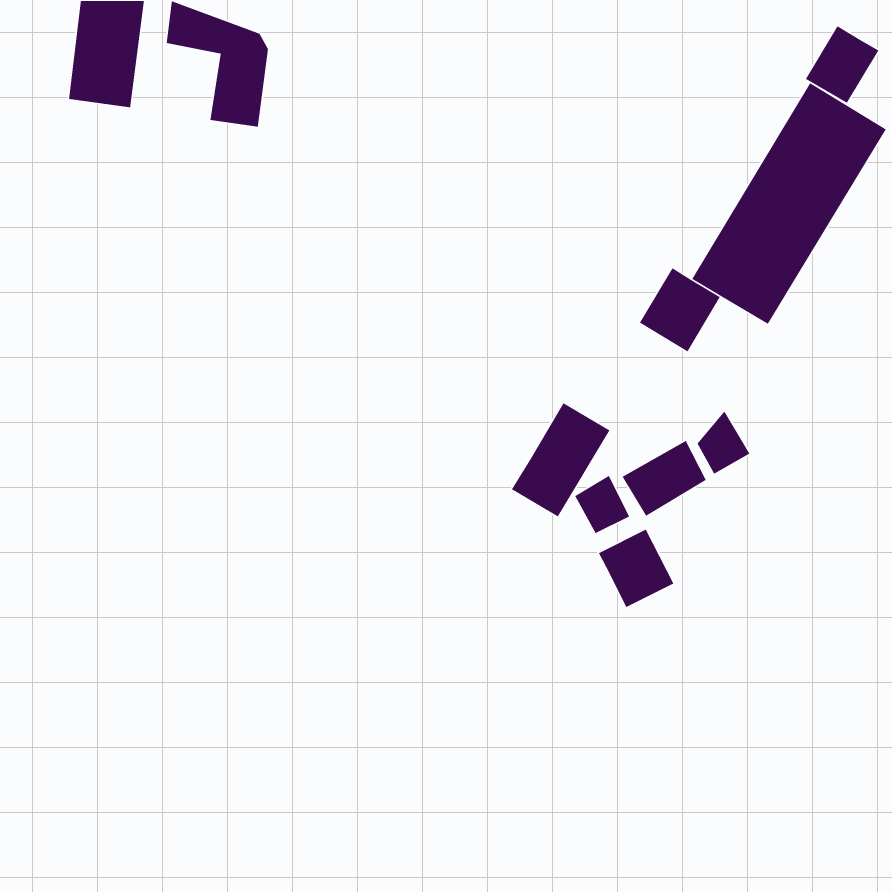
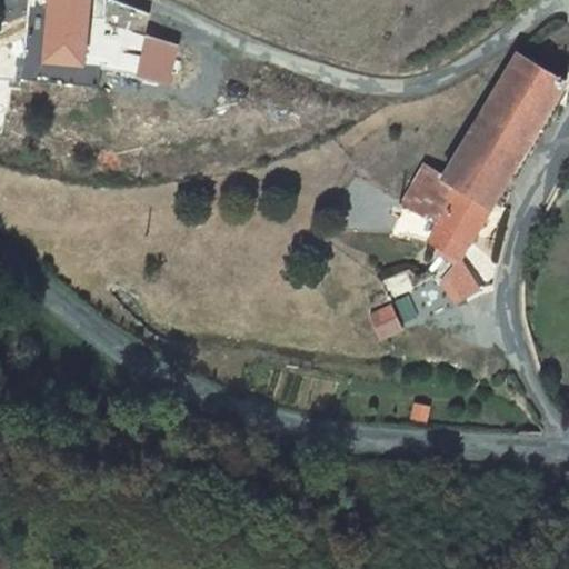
building: [805,25,879,104] -> none
building: [511,402,610,517] -> [426,189,489,262]
building: [598,529,674,608] -> none

